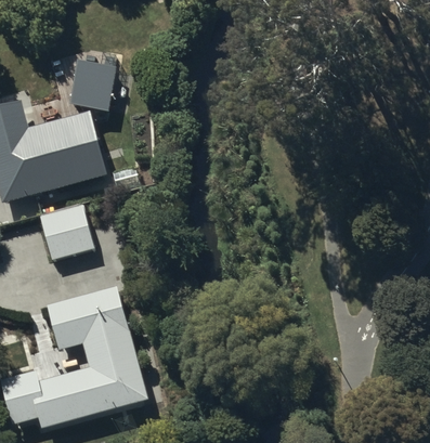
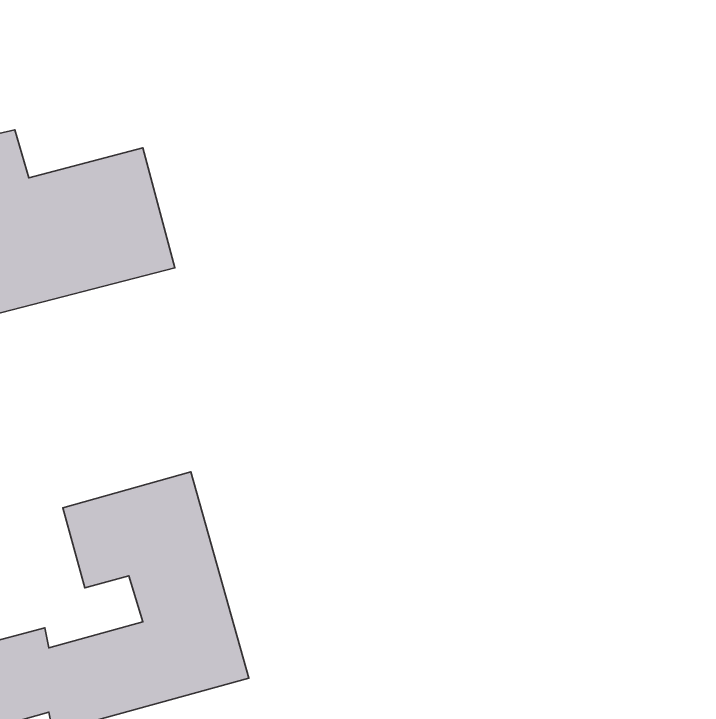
building: [71,62,115,109] -> none
building: [40,201,94,257] -> none

